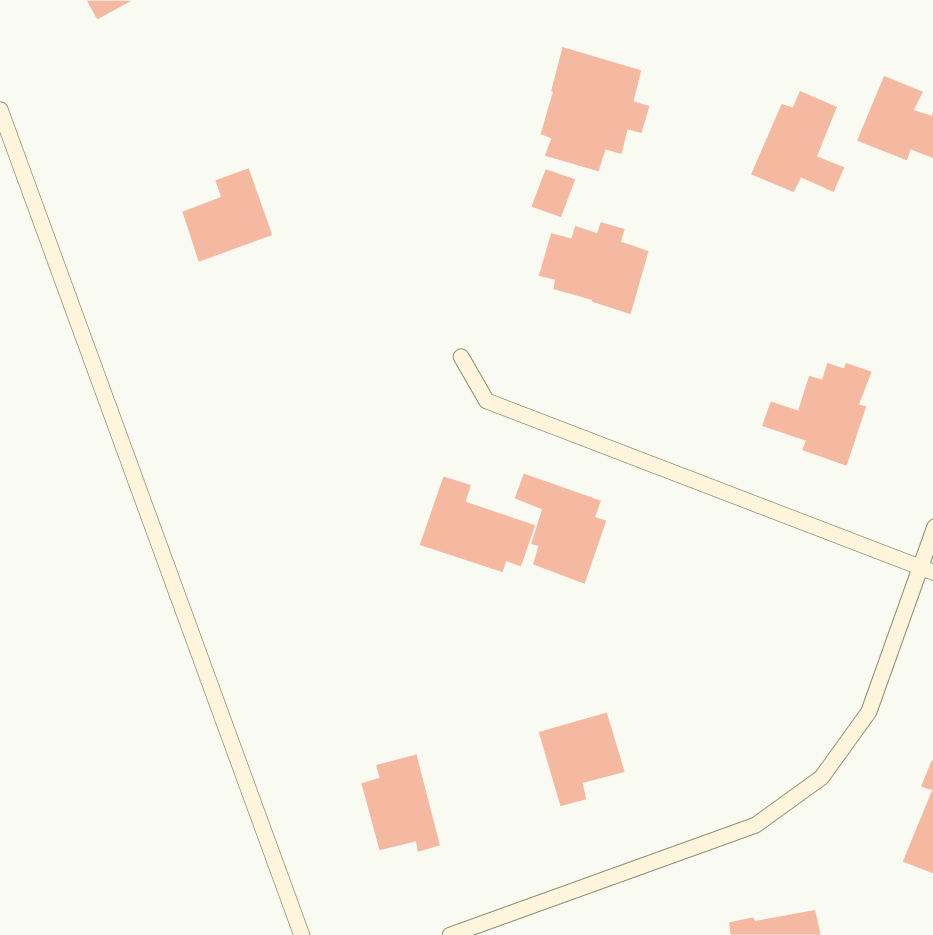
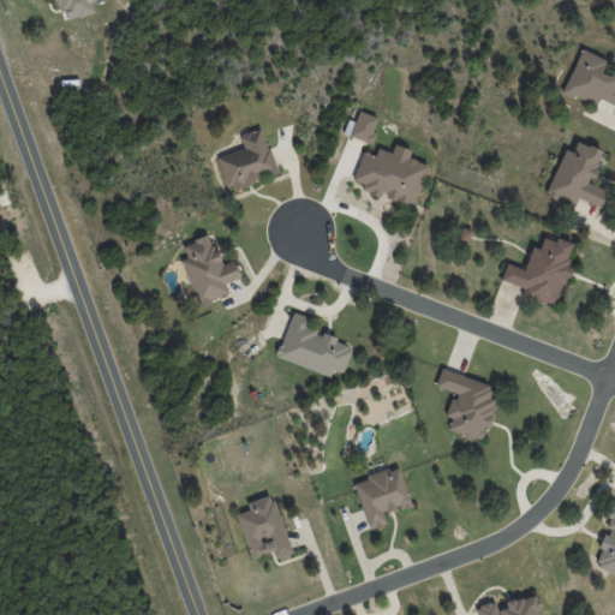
building: [540,46,650,172] -> none
building: [750,90,845,193] -> [545,141,608,208]
building: [182,167,273,263] -> [219,129,279,191]
building: none -> [181,234,240,305]
building: [514,473,607,585] -> [436,369,497,442]

